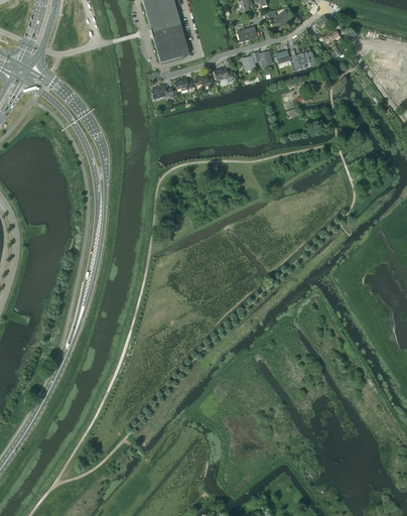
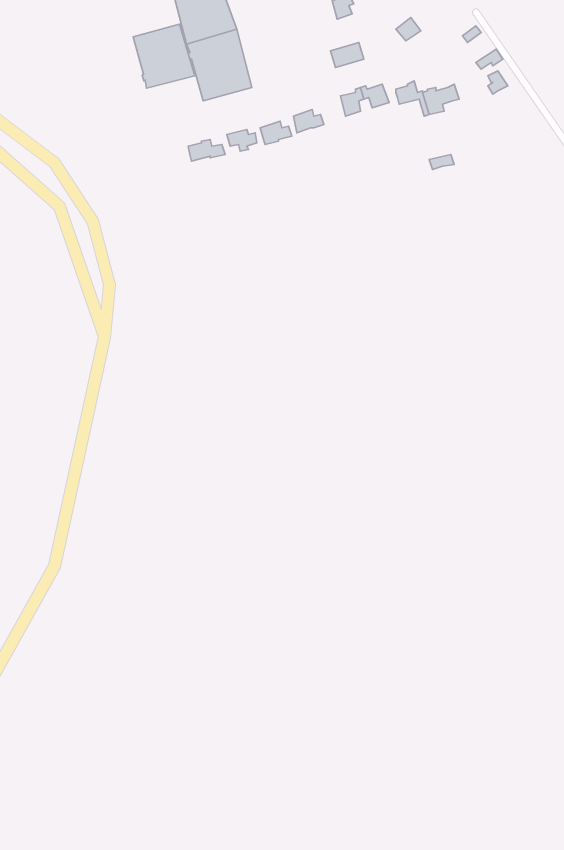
building: none -> [133,24,195,88]

